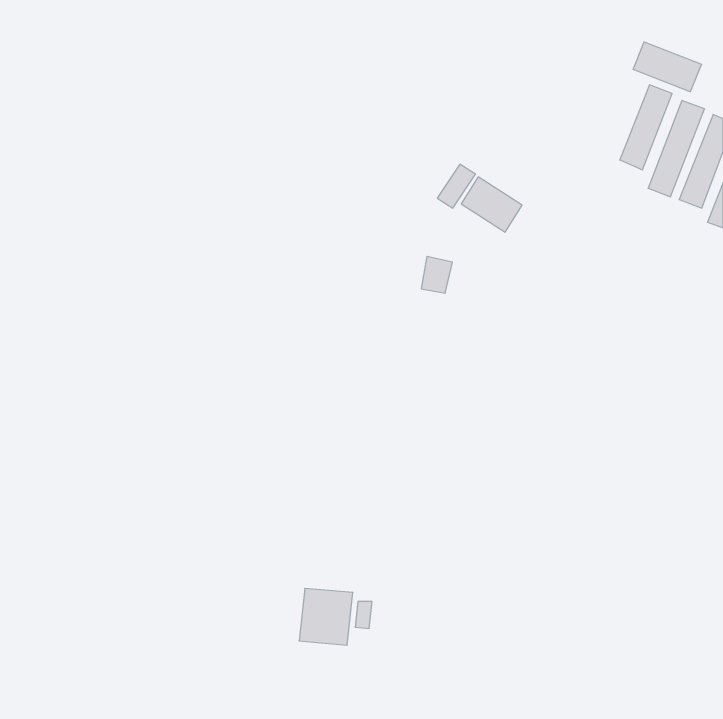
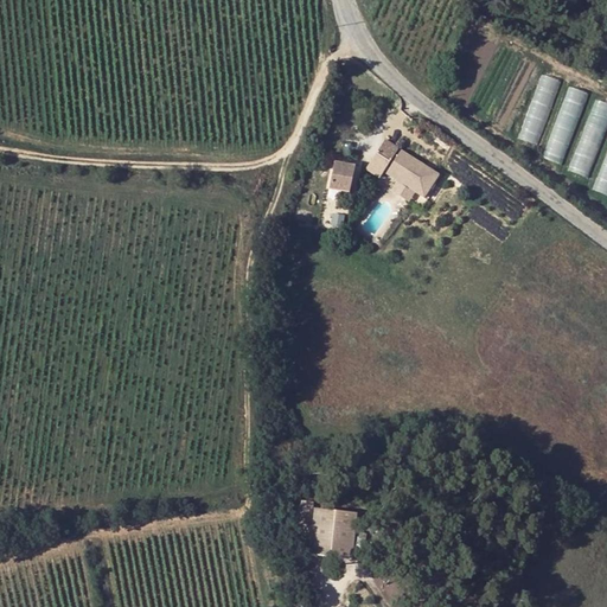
building: [633,42,701,92] -> none
building: [421,256,452,293] -> [330,160,356,191]
building: [299,588,353,645] -> [309,511,354,558]

